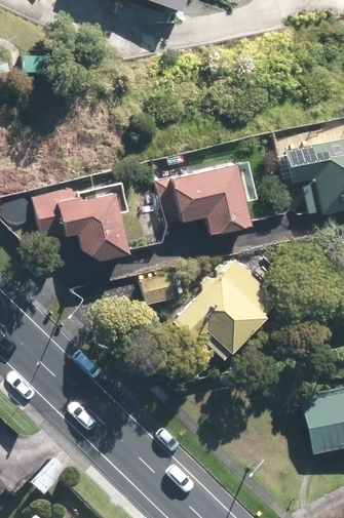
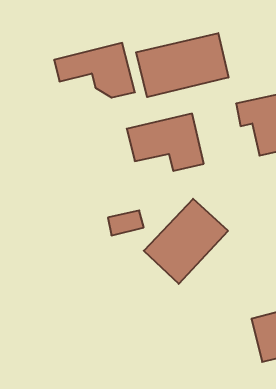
building: none -> [136,33,228,97]
building: [36,193,128,255] -> [54,43,135,98]

